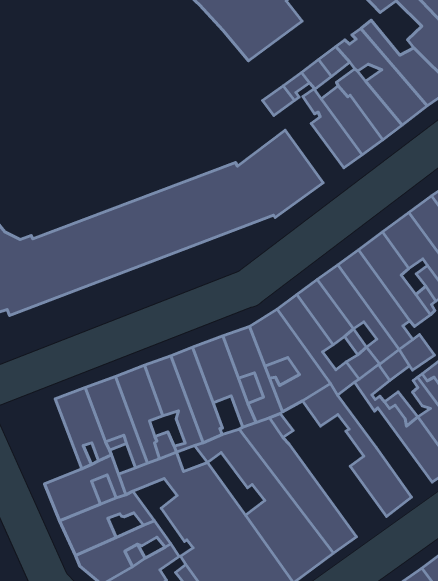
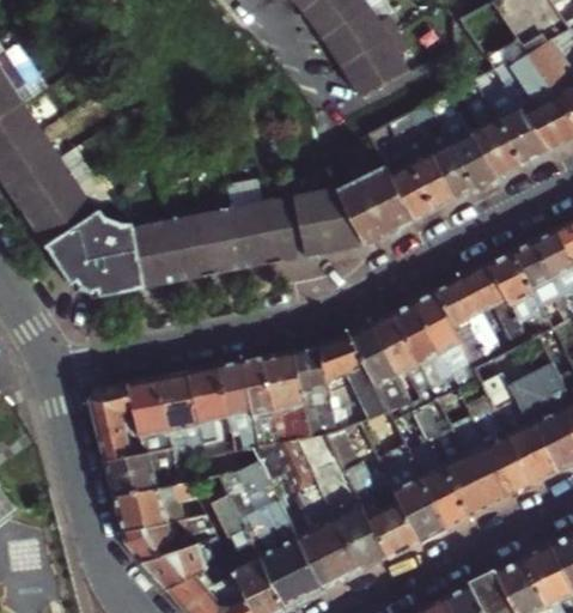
building: none -> [377,150,432,221]
building: none -> [89,383,141,461]
building: none -> [419,441,467,529]
building: none -> [339,454,419,558]

